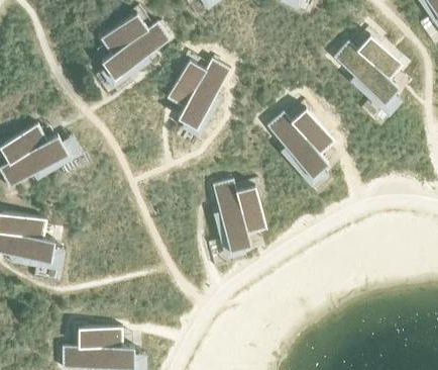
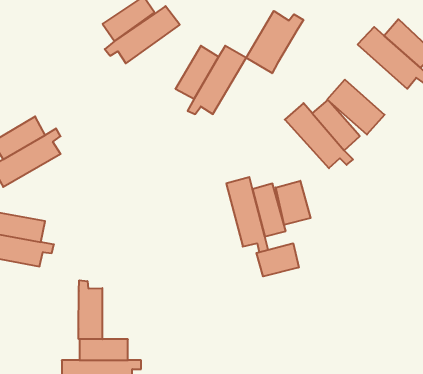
building: none -> [246,11,303,73]
building: none -> [327,80,385,135]
building: none -> [276,181,311,225]
building: none -> [256,243,299,276]
building: none -> [79,280,102,339]

